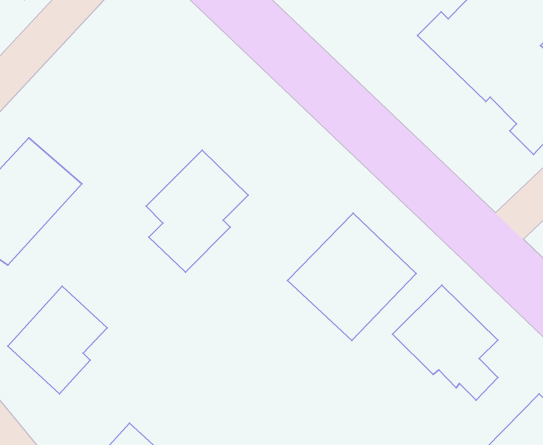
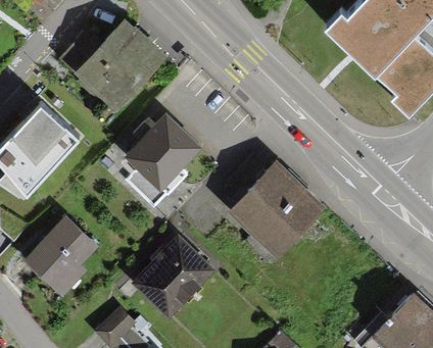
building: none -> [59,17,167,114]
building: [393,285,498,400] -> none
building: none -> [132,234,214,319]

